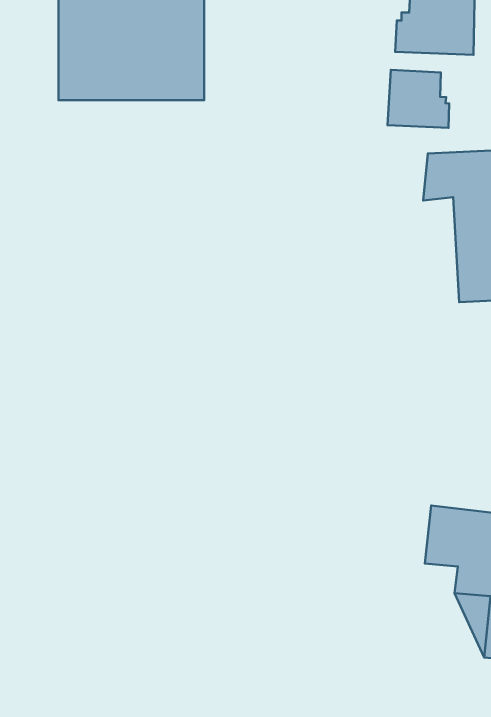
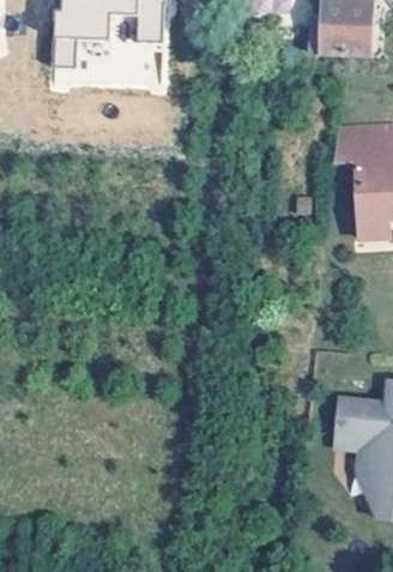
building: [388,70,449,128] -> none

